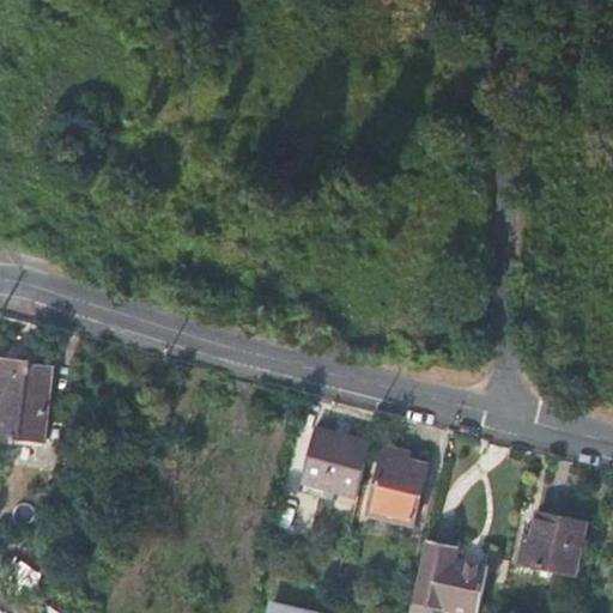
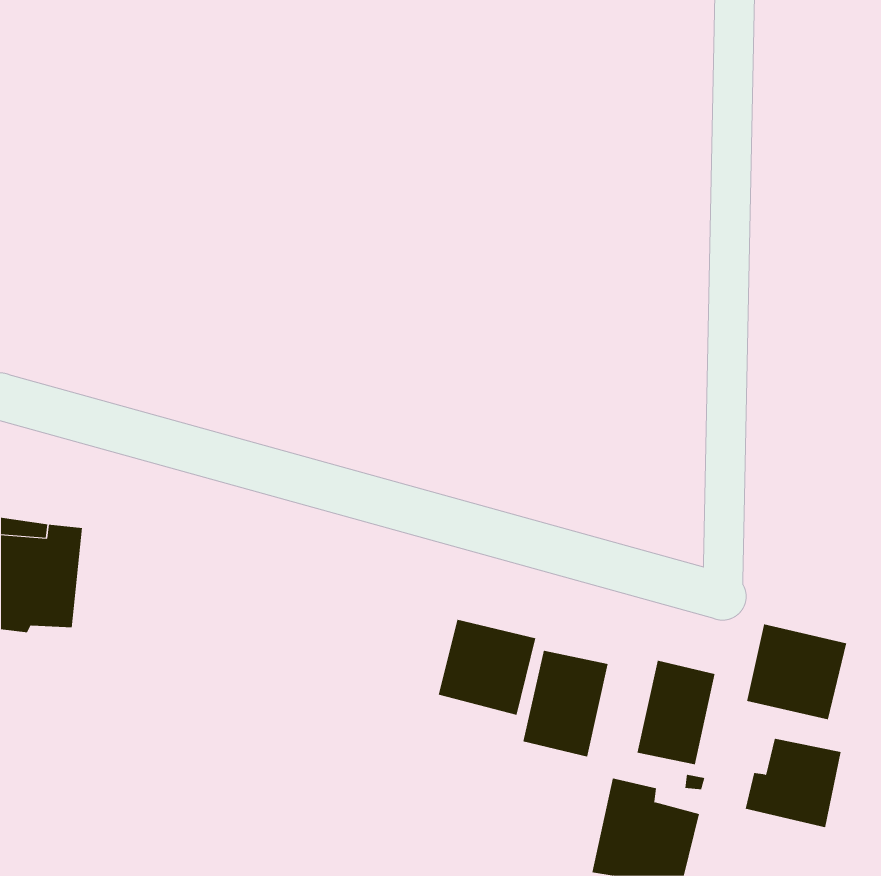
building: none -> [747,624,847,720]
building: none -> [637,660,715,765]

